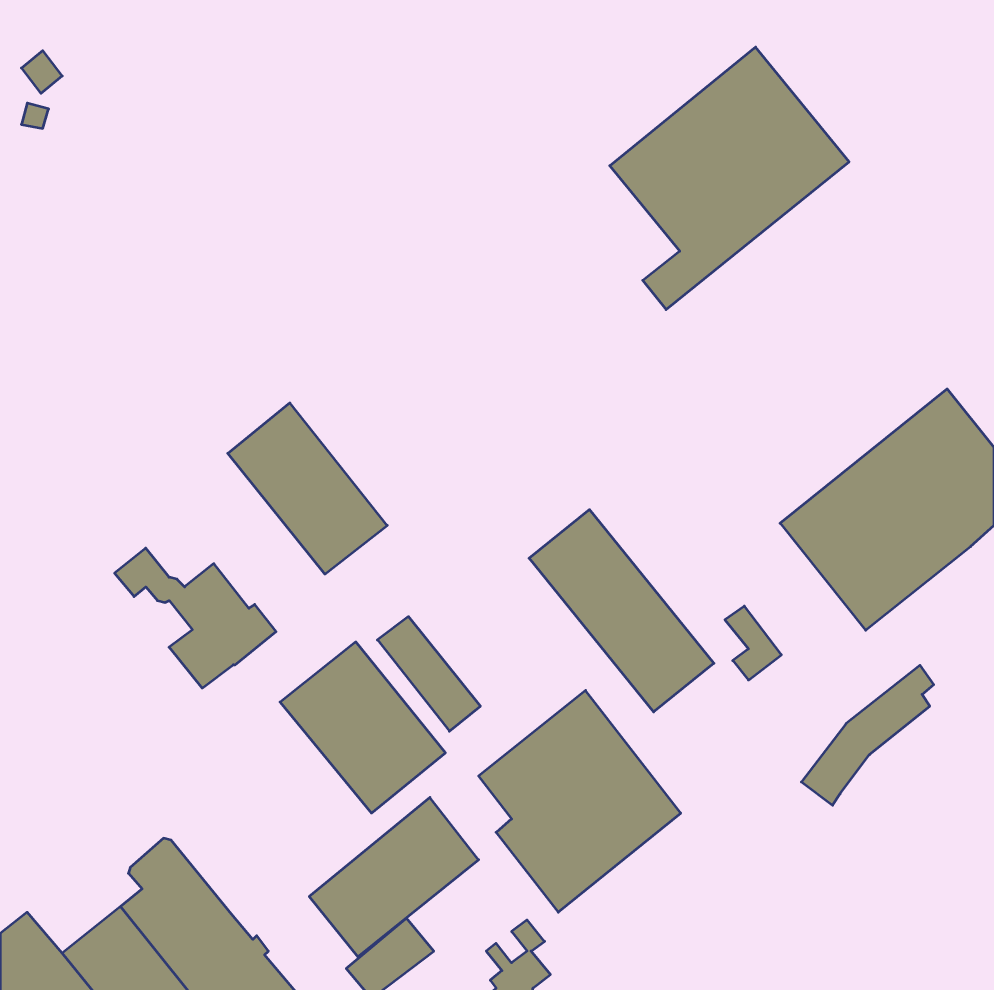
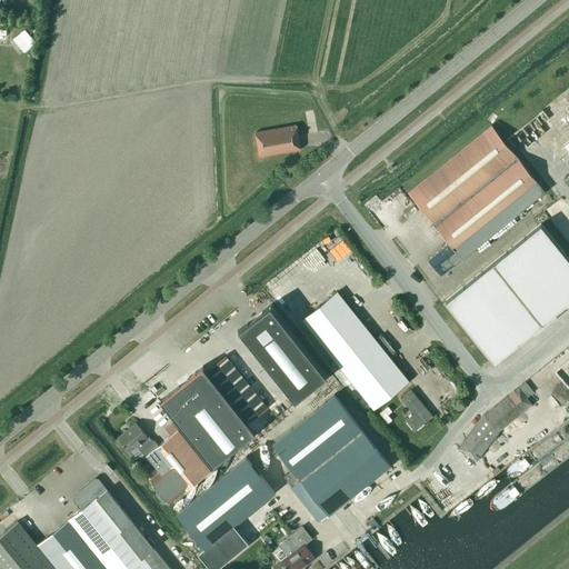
building: [610,47,849,310] -> [408,127,545,277]
building: none -> [254,127,300,158]
building: [228,403,387,574] -> [237,305,328,402]
building: [115,548,276,688] -> [118,425,210,505]
building: [725,606,781,680] -> [400,390,432,432]

